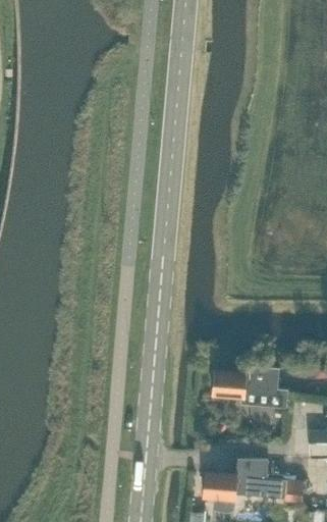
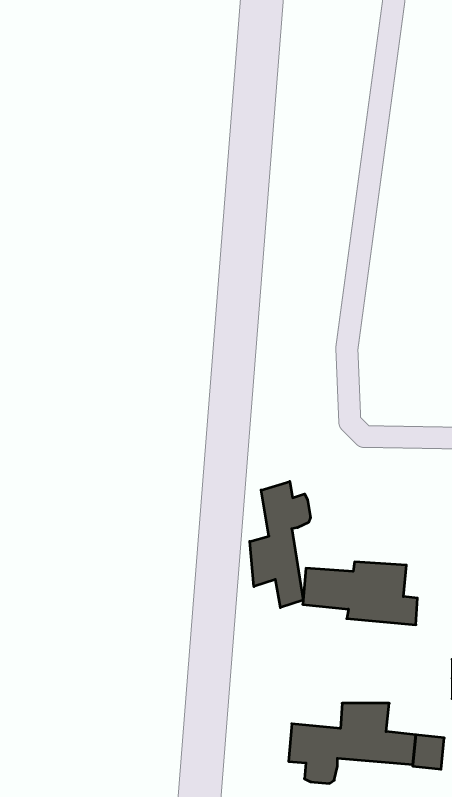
building: none -> [250,481,310,608]

